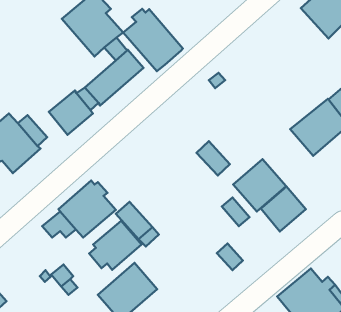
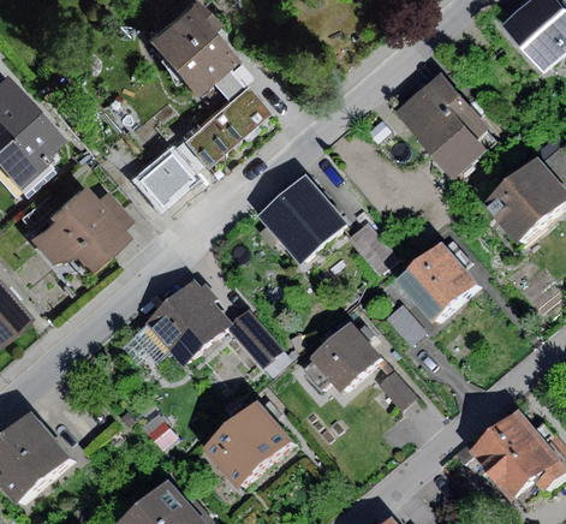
building: [123,9,183,71] -> none
building: none -> [392,70,496,180]
building: none -> [256,173,345,263]
building: [261,186,306,232] -> none
building: [89,221,141,270] -> [306,323,383,395]

